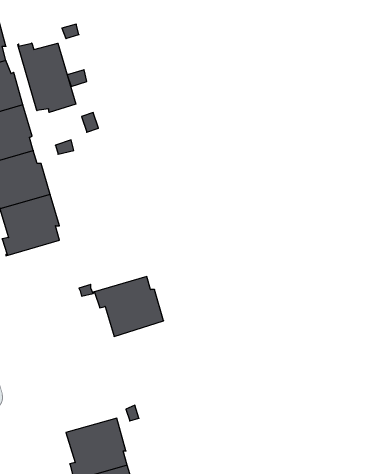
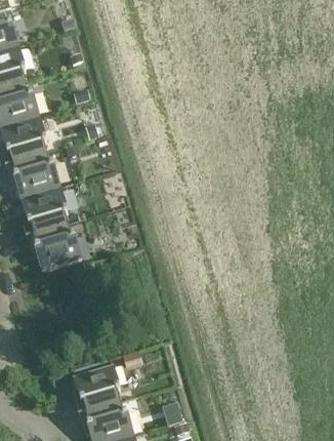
building: [18,43,76,112] -> none
building: [93,277,164,336] -> [25,222,80,269]

